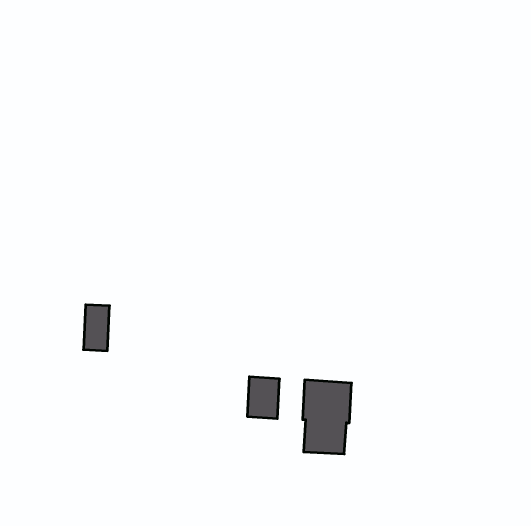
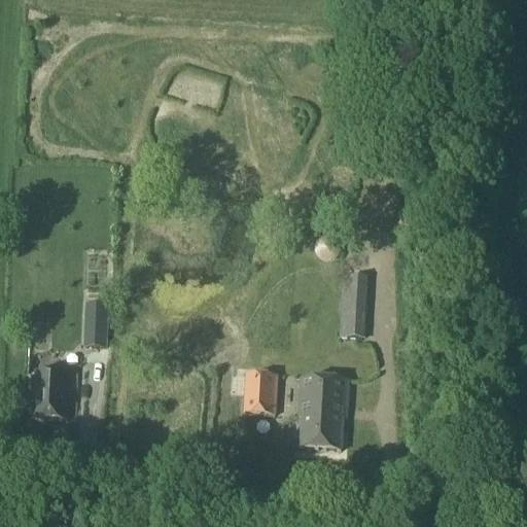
building: none -> [341,273,368,336]
building: none -> [35,370,69,417]

